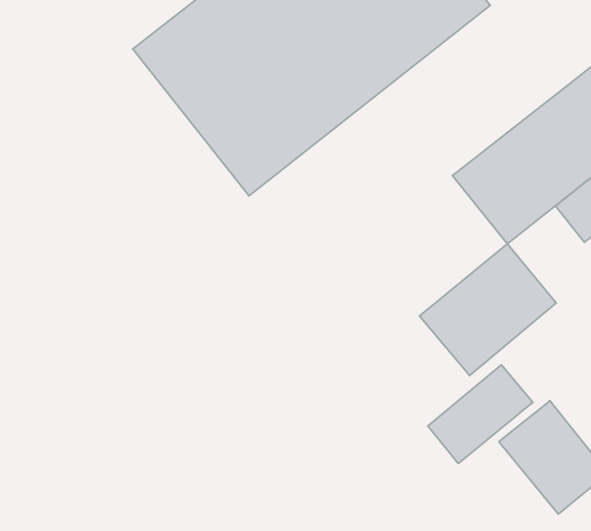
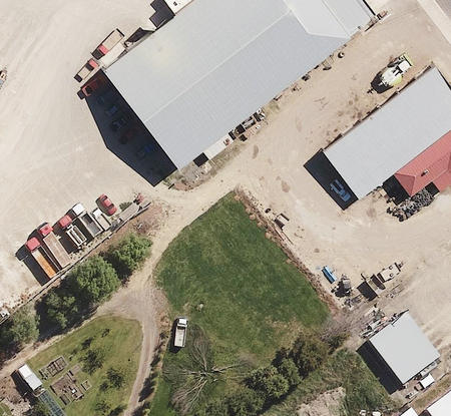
building: [419,244,556,376] -> none
building: [428,365,533,463] -> none

